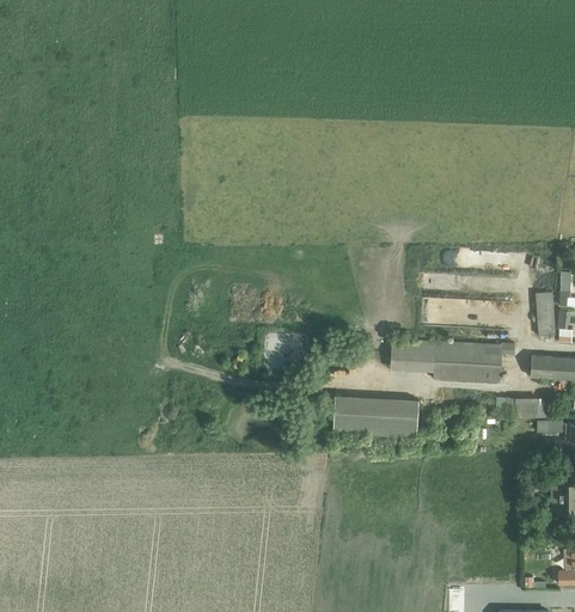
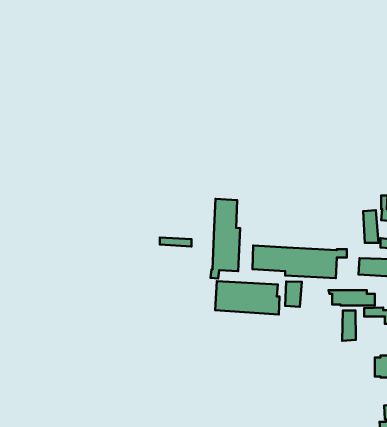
building: none -> [211,199,240,279]
building: none -> [285,281,302,307]
building: none -> [342,311,356,341]

